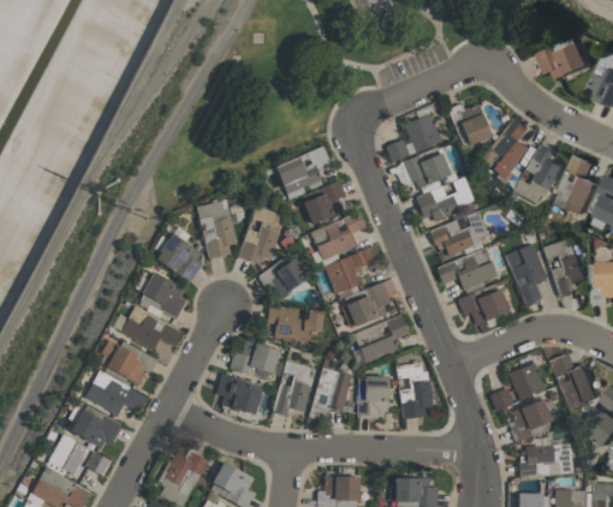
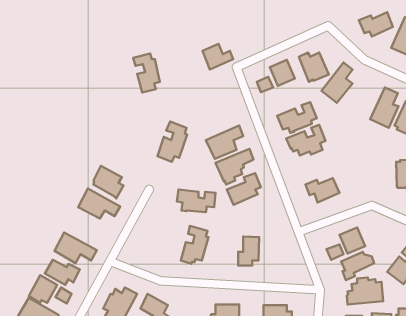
building: [513,144,563,204] -> none
building: [400,148,452,187] -> none
building: [275,156,321,195] -> [202,44,233,70]
building: [303,180,346,225] -> none
building: [197,201,237,258] -> [133,54,160,92]
building: [157,233,203,282] -> none
building: [543,238,587,297] -> none
building: [506,244,547,305] -> none
building: [438,249,498,291] -> none
building: [270,257,310,299] -> none
building: [355,315,410,363] -> none
building: [102,340,157,383] -> none
building: [230,340,280,374] -> none
building: [550,353,597,408] -> none
building: [397,363,434,419] -> none
building: [309,368,352,420] -> none
building: [216,374,262,414] -> none

